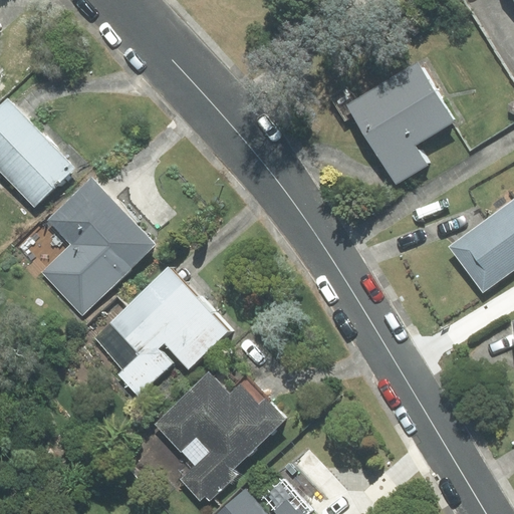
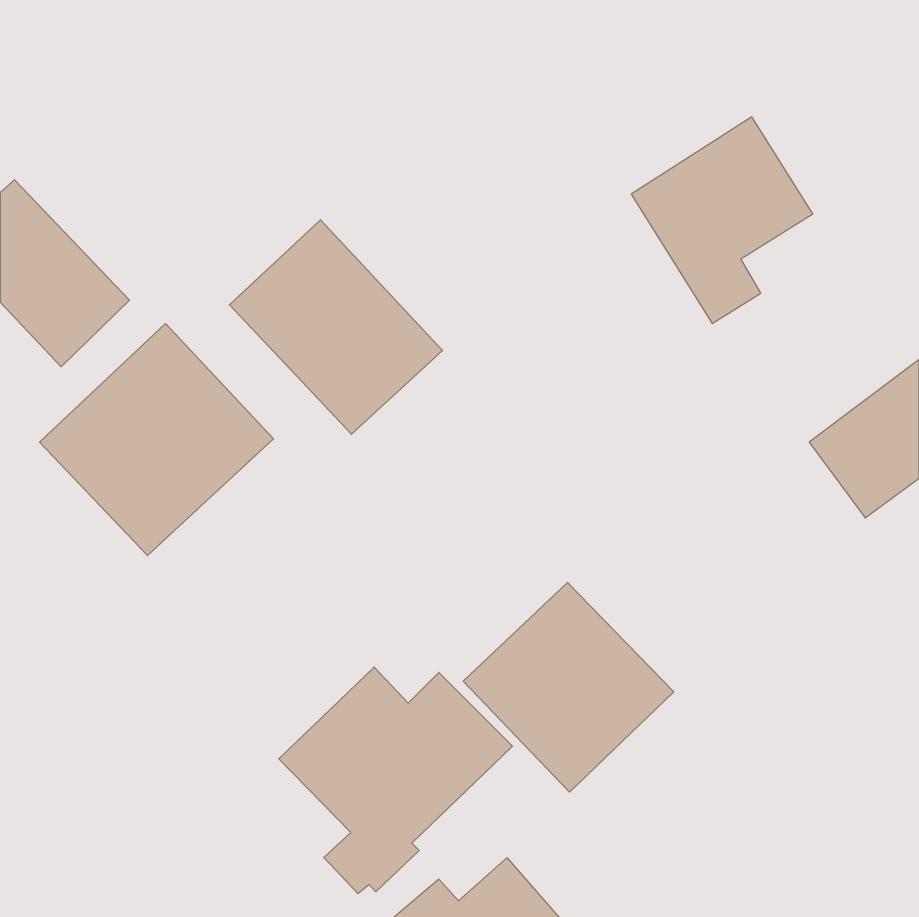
building: none -> [229,220,443,434]
building: [94,270,227,396] -> none
building: none -> [463,582,674,792]

